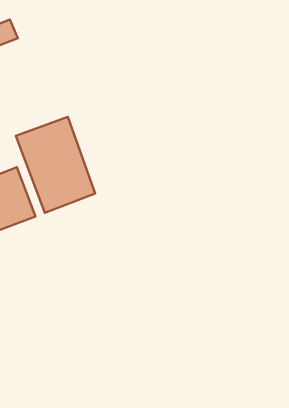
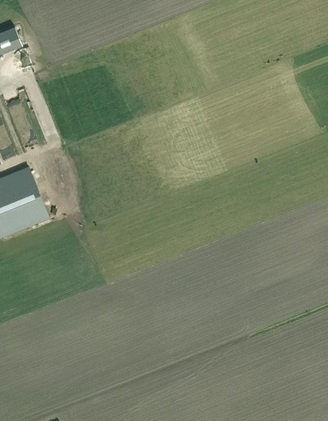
building: [16,117,95,213] -> none

